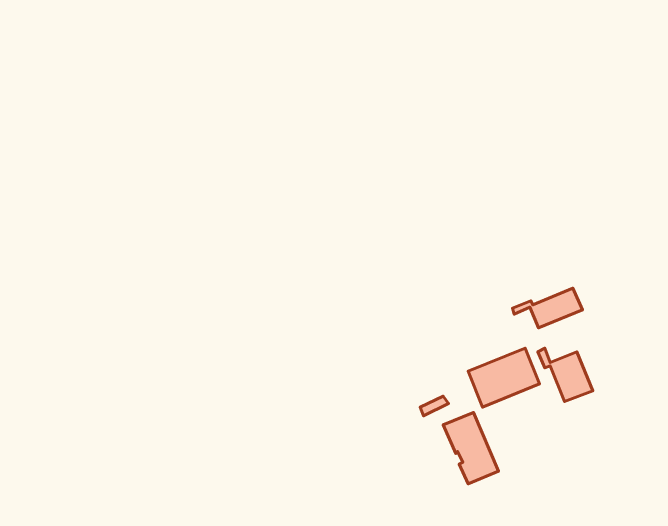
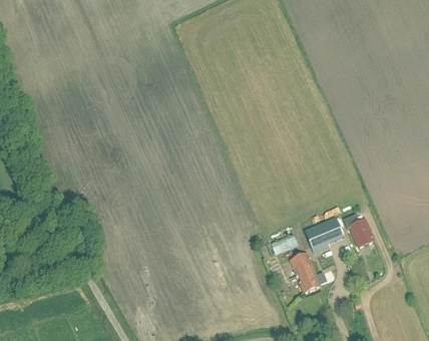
building: [512,288,583,328] -> none

